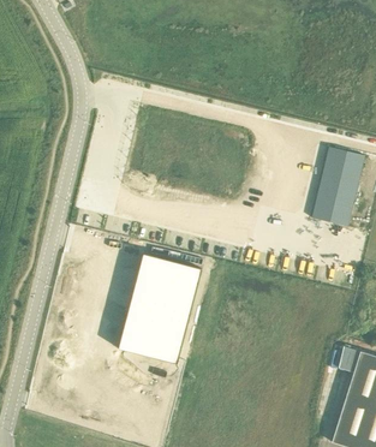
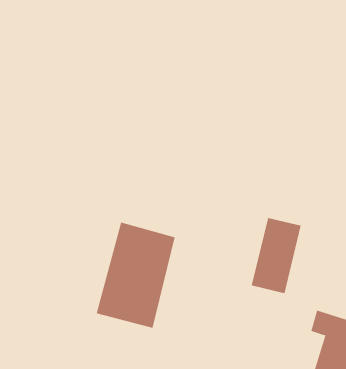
building: [314,149,365,227] -> [251,217,301,294]

